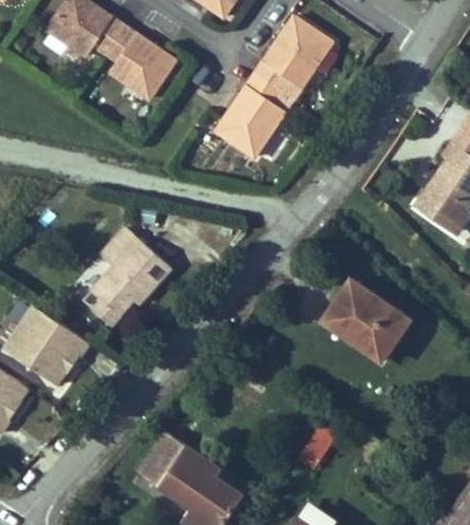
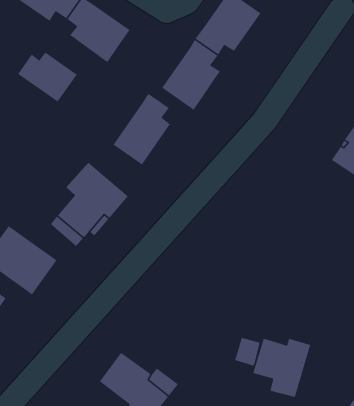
building: none -> [17,52,78,103]
building: none -> [113,93,171,165]
building: [312,272,403,361] -> none
building: none -> [252,338,311,398]

